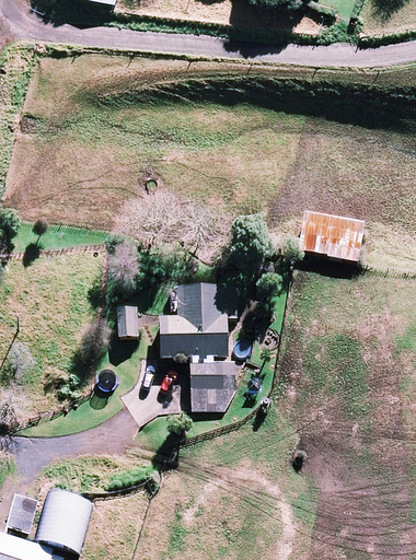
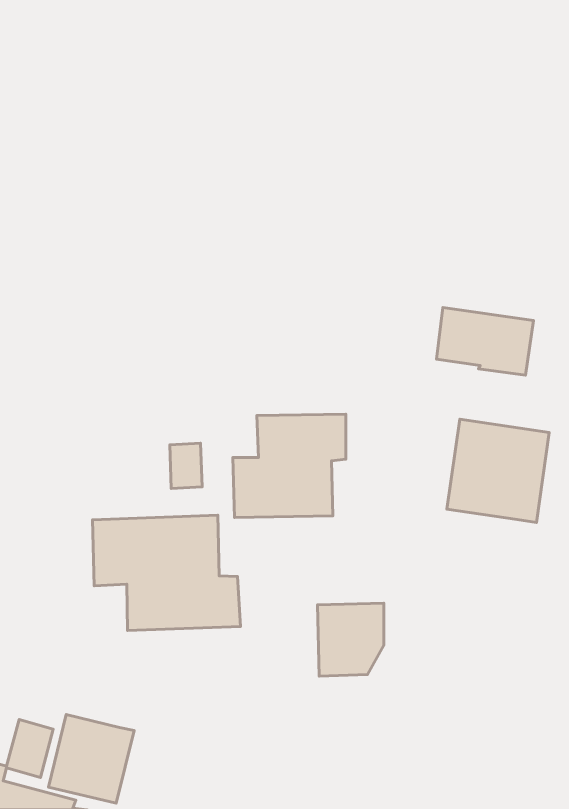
building: none -> [447,419,549,522]
building: none -> [93,515,240,630]
building: [190,360,235,409] -> [317,603,384,676]

